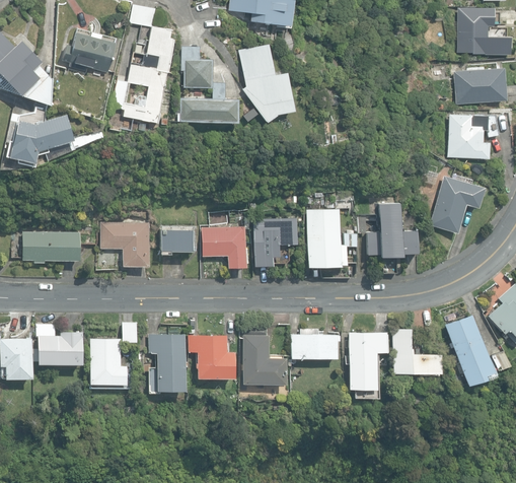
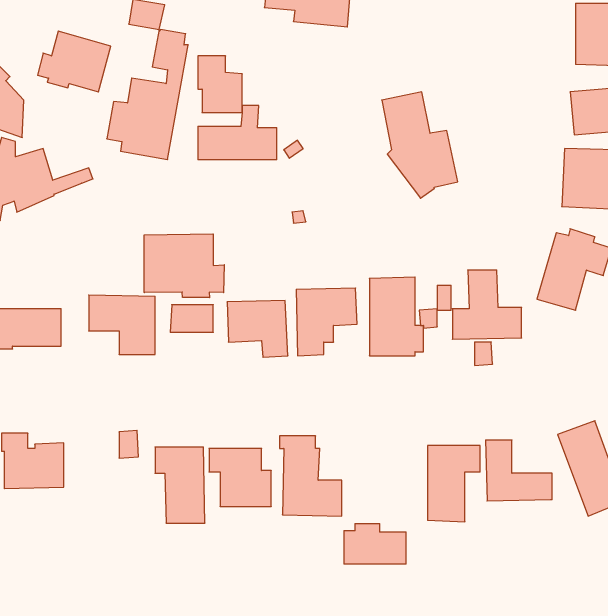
building: [238,45,294,123] -> [382,92,458,198]
building: none -> [144,234,224,298]
building: [291,329,337,358] -> [344,524,406,564]
building: [90,339,126,384] -> none

